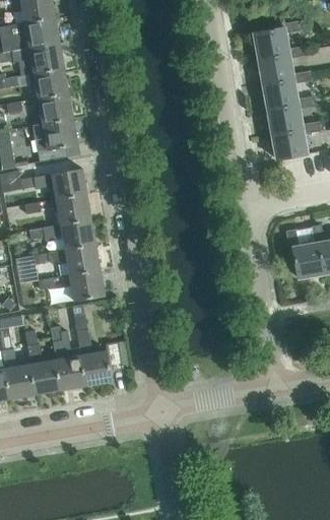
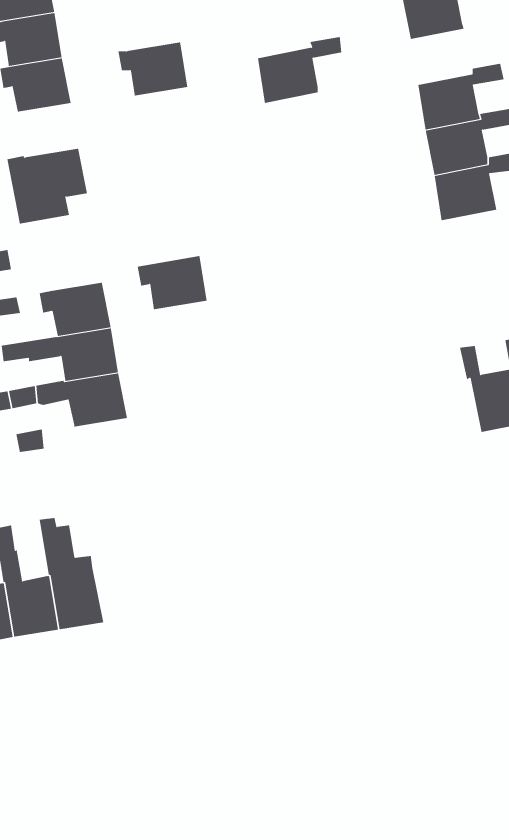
building: [258,46,306,83] -> [257,36,342,103]
building: [32,93,72,124] -> [117,42,188,96]
building: [46,169,85,199] -> [137,256,208,310]
building: [64,270,104,301] -> none
building: [73,315,123,385] -> none

